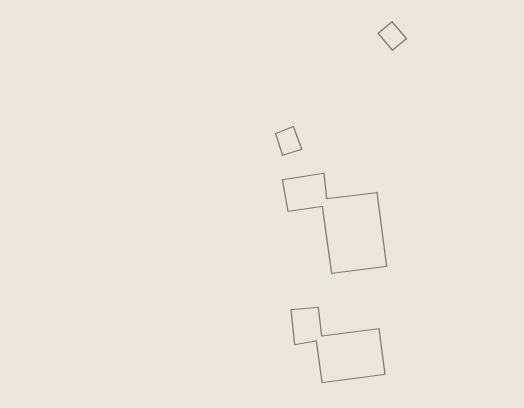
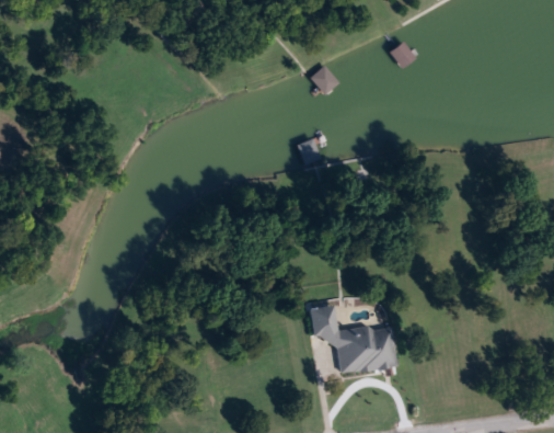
building: none -> [309,65,338,94]
building: [283,173,387,274] -> none

